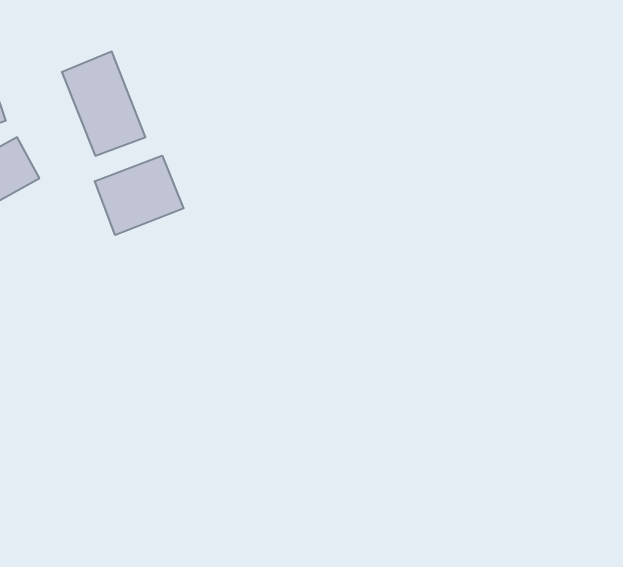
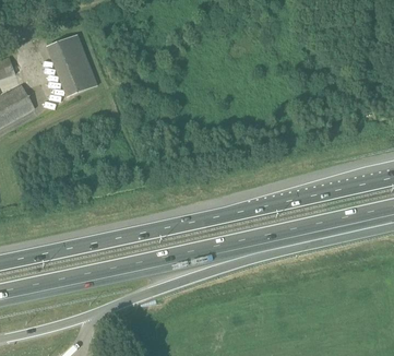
building: [95,156,184,235] -> none

